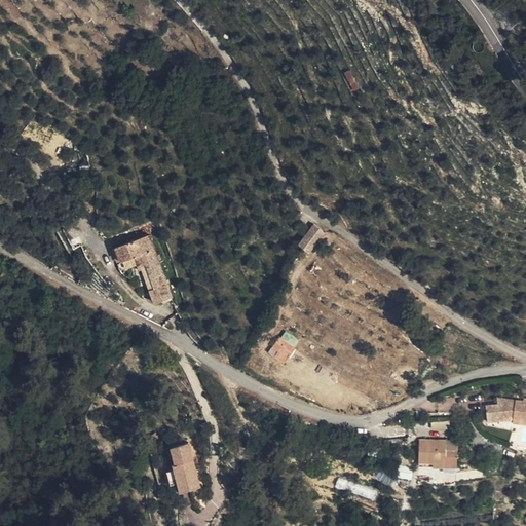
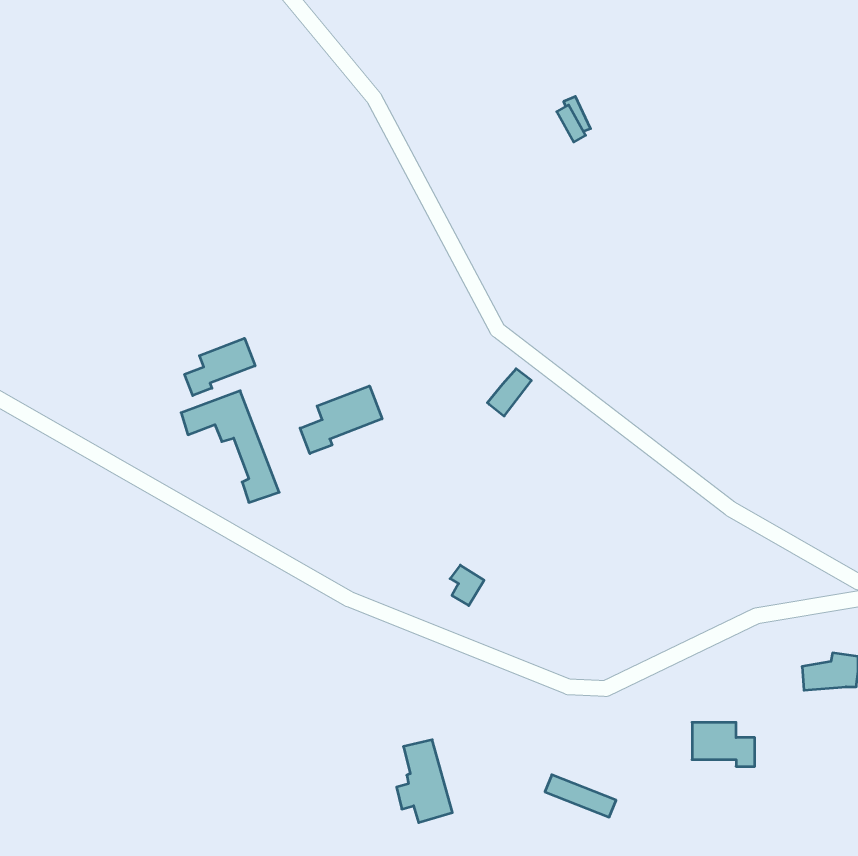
building: none -> [185,338,255,396]
building: none -> [300,386,382,454]
building: [166,445,200,495] -> [397,740,452,823]

